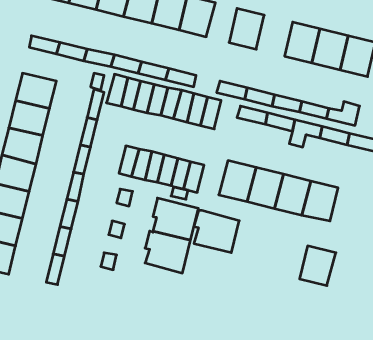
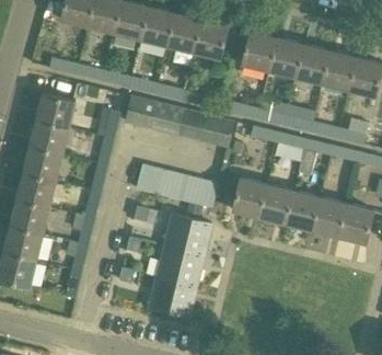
building: none -> [268,37,303,77]
building: [194,210,239,253] -> [153,276,197,317]
building: [300,246,336,286] -> [339,204,374,242]

